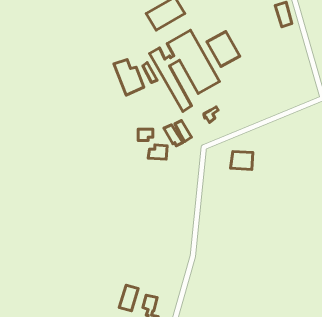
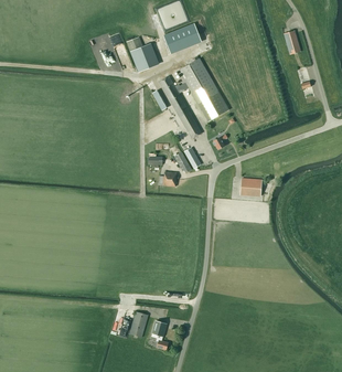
building: [207,31,240,67] -> none
building: [114,59,144,95] -> [126,38,156,73]

